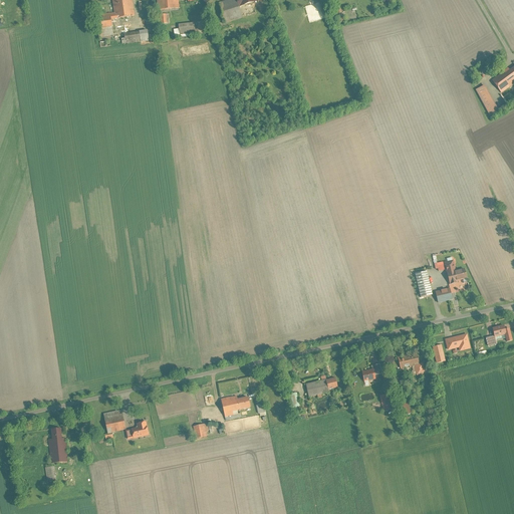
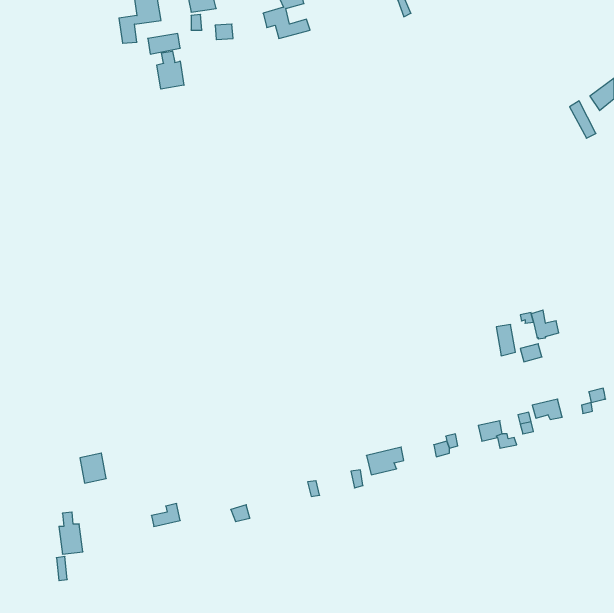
building: none -> [157,51,184,89]
building: [222,396,252,418] -> none
building: [103,408,125,433] -> [80,453,106,483]

